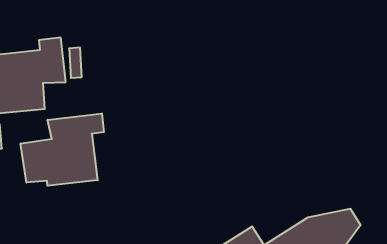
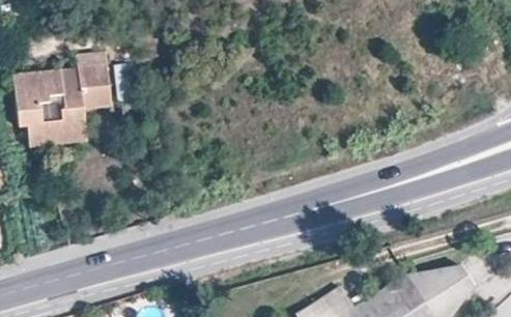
building: [21,113,104,186] -> none

